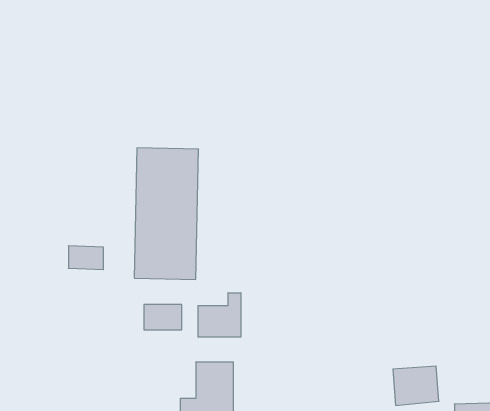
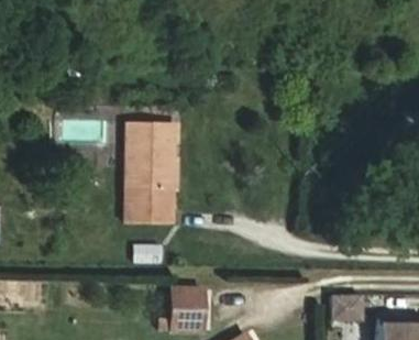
building: [198,293,241,337] -> none

